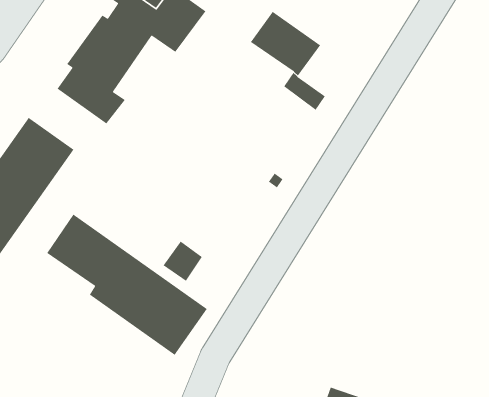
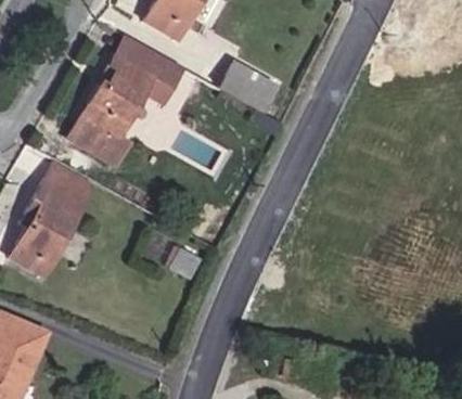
building: [46,213,208,356] -> none

